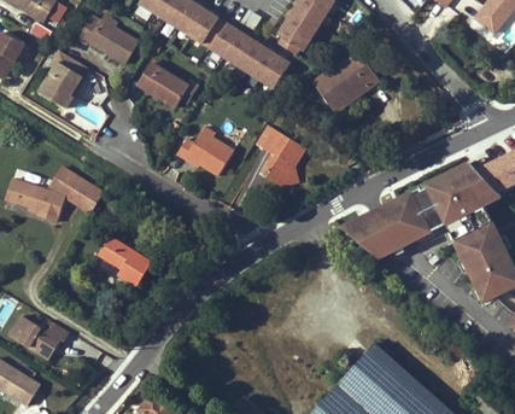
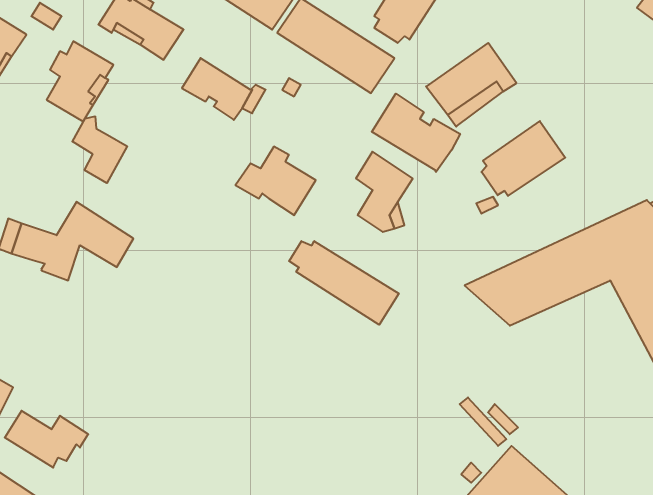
building: none -> [372,94,460,172]
building: none -> [72,116,127,183]
building: none -> [481,121,565,196]
building: none -> [289,241,399,325]
building: [99,237,152,286] -> none

